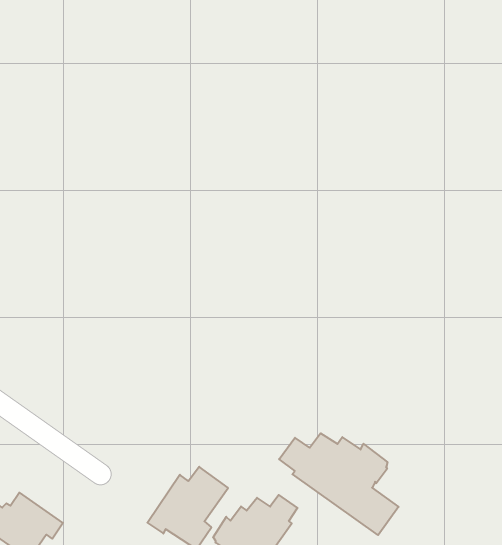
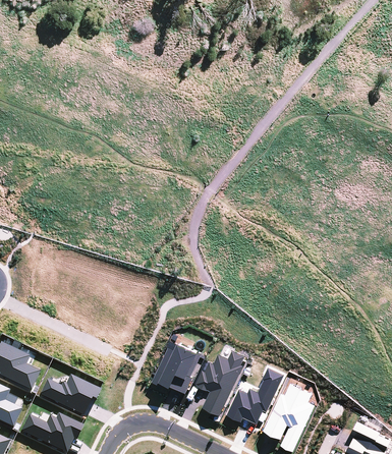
building: [279,433,399,535] -> none

